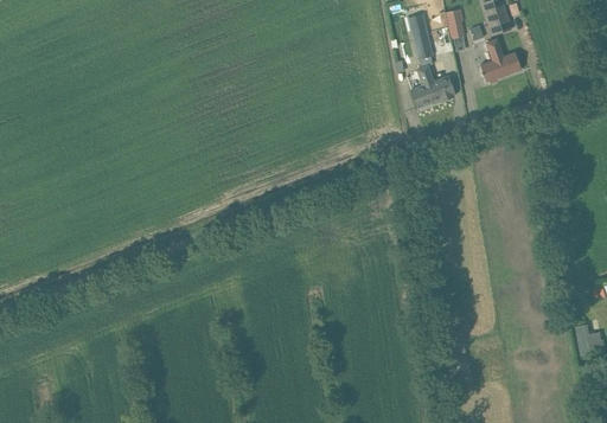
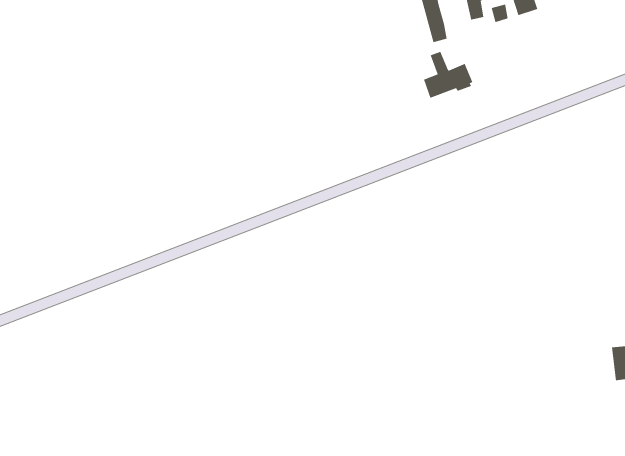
building: [479,38,520,82] -> none

